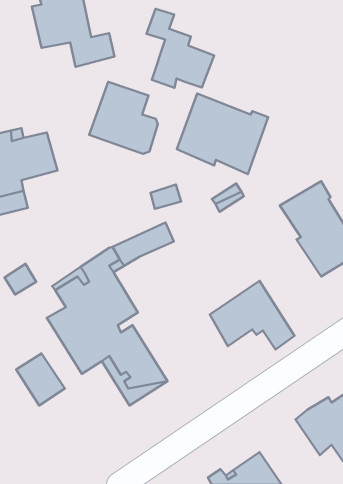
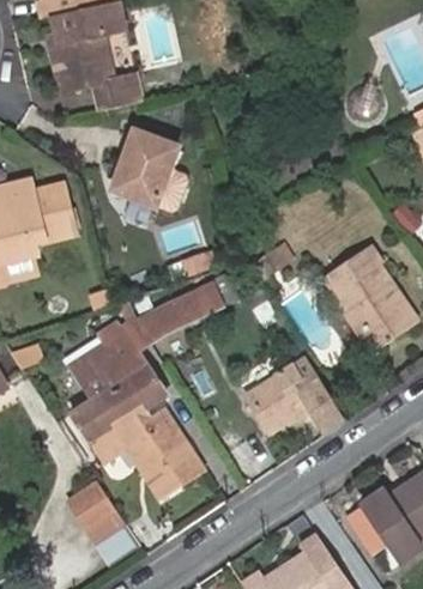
building: [147,9,214,88] -> none
building: [177,94,268,174] -> none
building: [16,354,65,405] -> [68,481,123,540]

